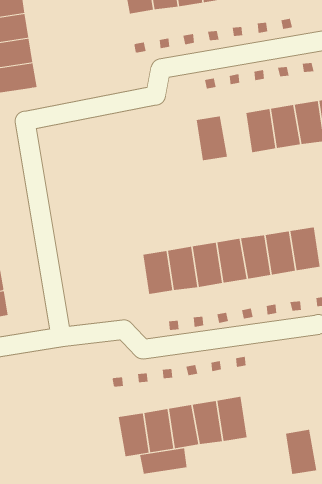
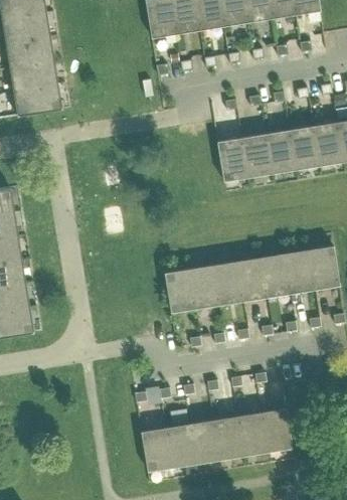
building: none -> [241,134,272,177]
building: [285,429,317,475] -> [262,407,293,452]
building: [140,448,187,475] -> none

